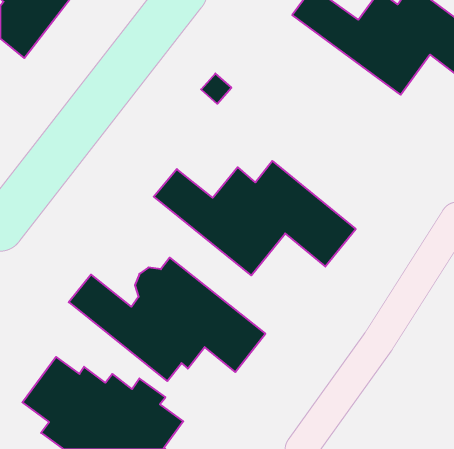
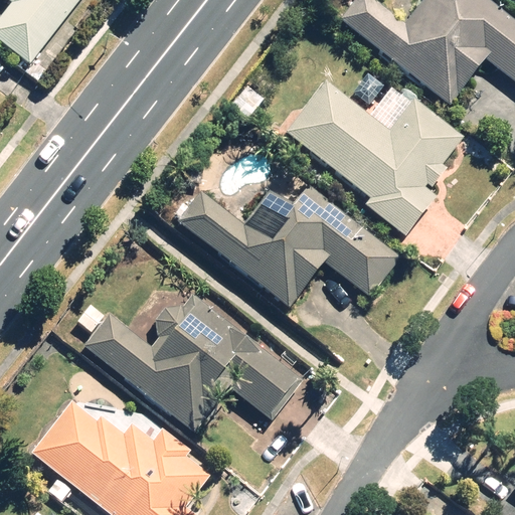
building: none -> [284,80,465,233]

